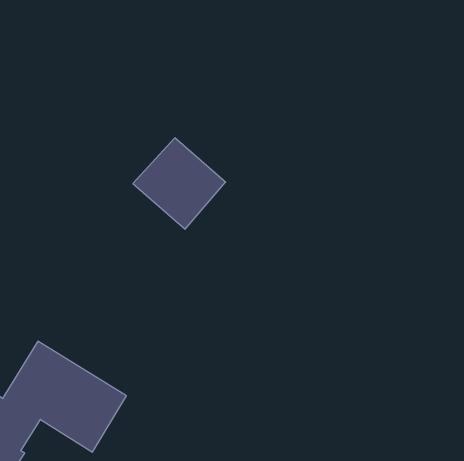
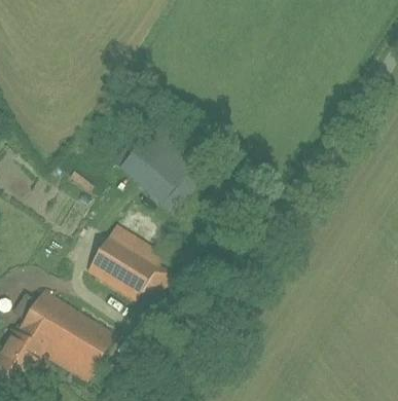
building: none -> [87,231,173,299]

